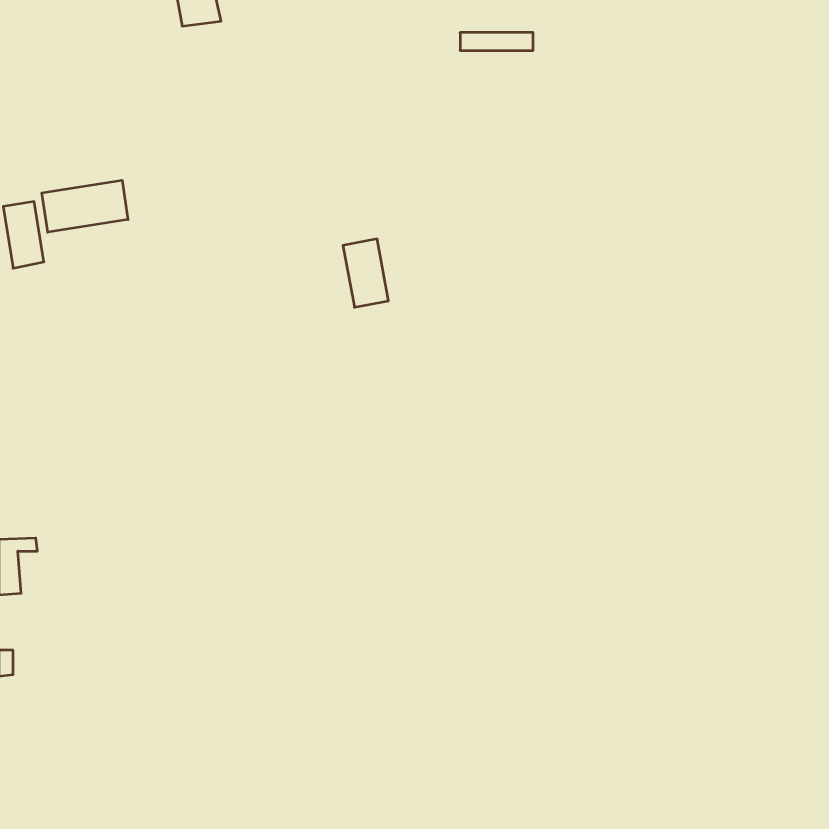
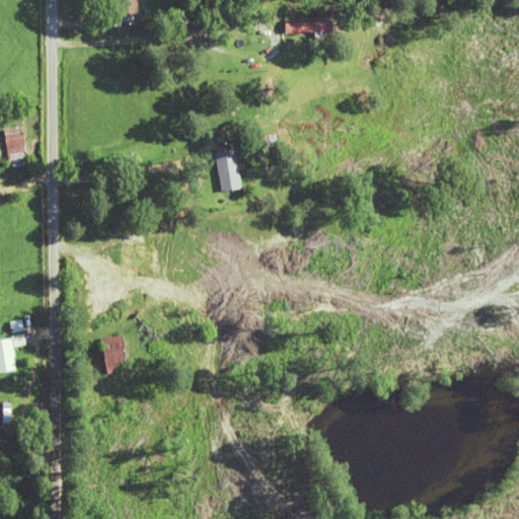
building: [42,180,128,232] -> none
building: none -> [100,332,129,372]

